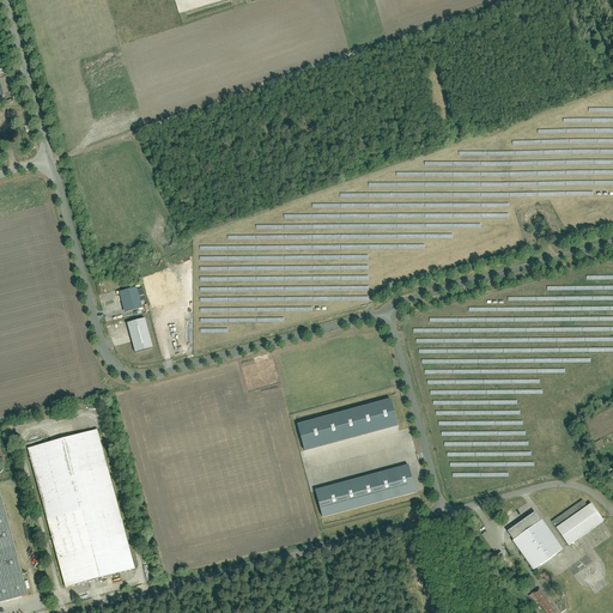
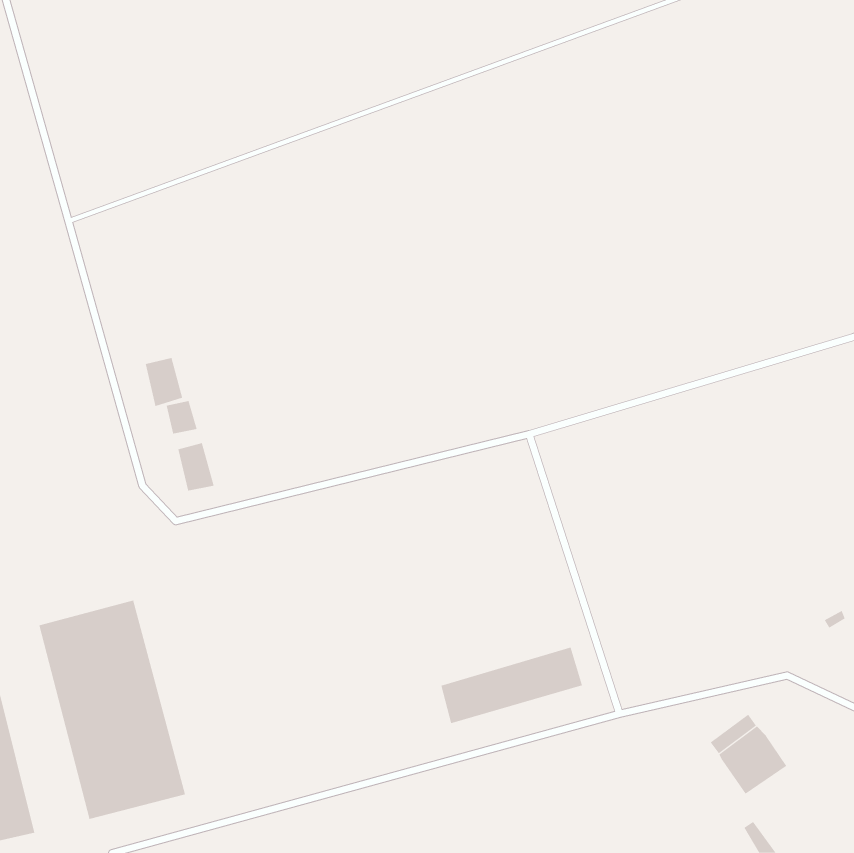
building: none -> [145,357,183,407]
building: [295,397,396,450] -> none
building: [552,498,605,544] -> none

